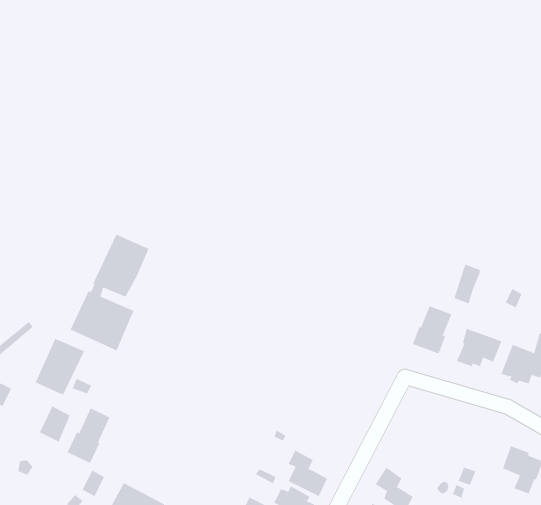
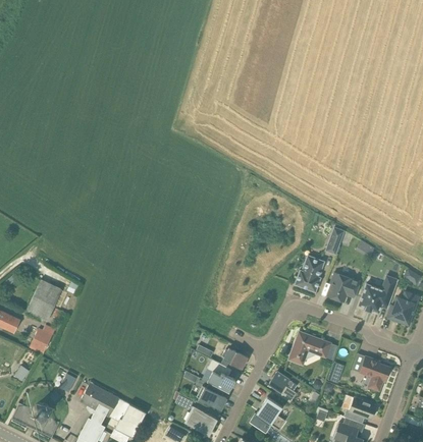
building: [70,234,149,351] -> none
building: [67,407,110,464] -> none
building: none -> [288,335,330,366]
building: none -> [221,348,247,374]

